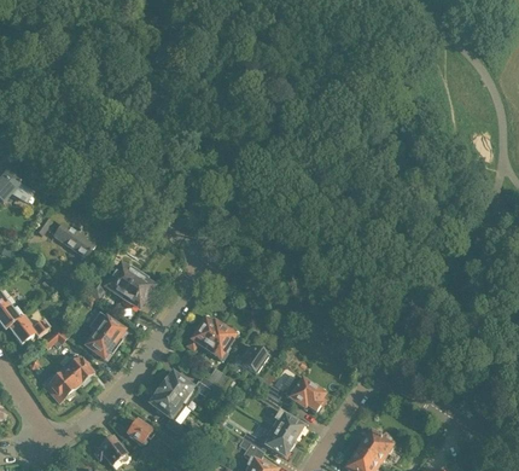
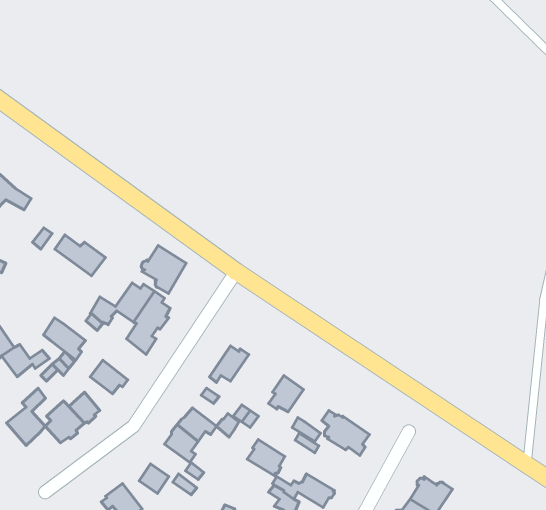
building: none -> [141,245,186,294]
building: [89,310,126,347] -> [43,318,86,360]
building: [205,325,234,360] -> none
building: none -> [6,388,46,445]
building: [270,411,303,442] -> [247,439,285,476]

